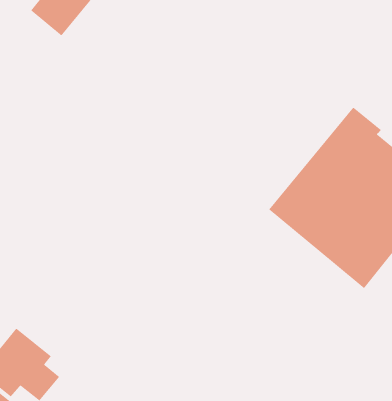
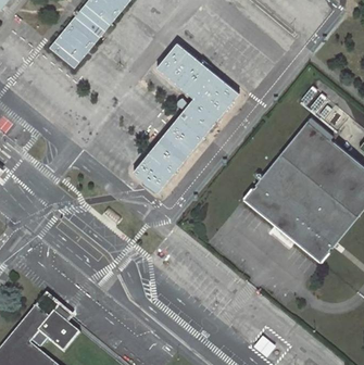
building: none -> [133,42,239,192]

